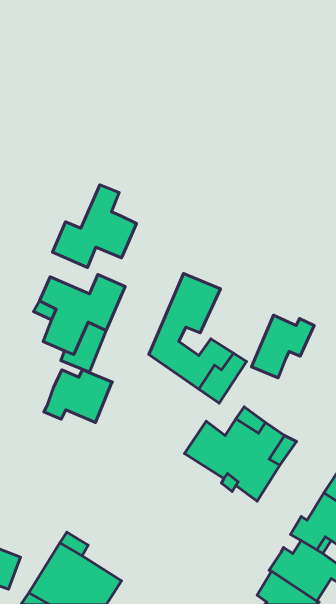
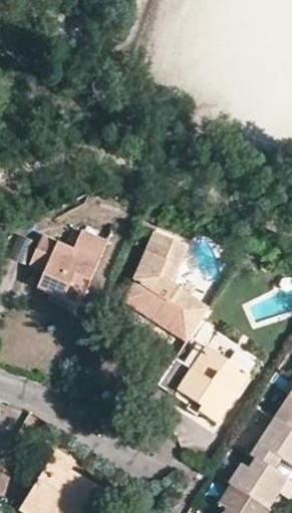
building: [53,185,136,267] -> none
building: [251,315,314,378] -> none
building: [44,369,112,422] -> none

